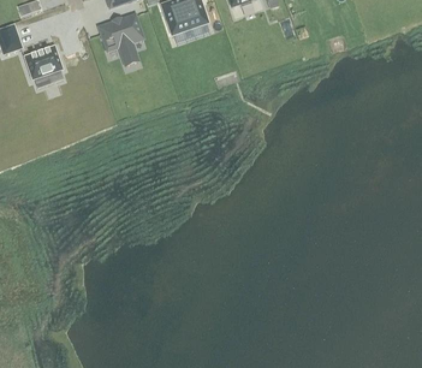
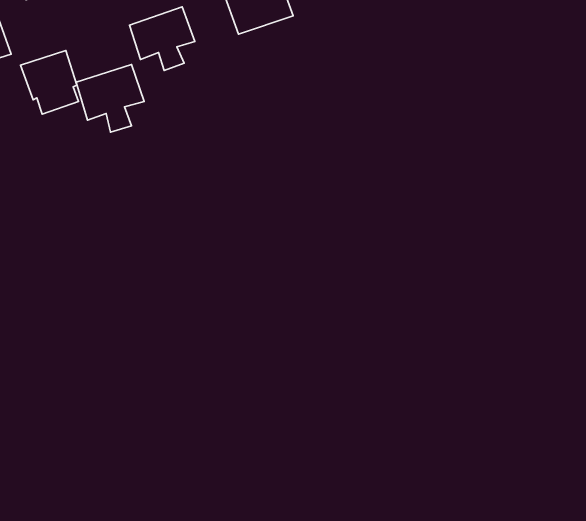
building: none -> [76,65,144,132]

